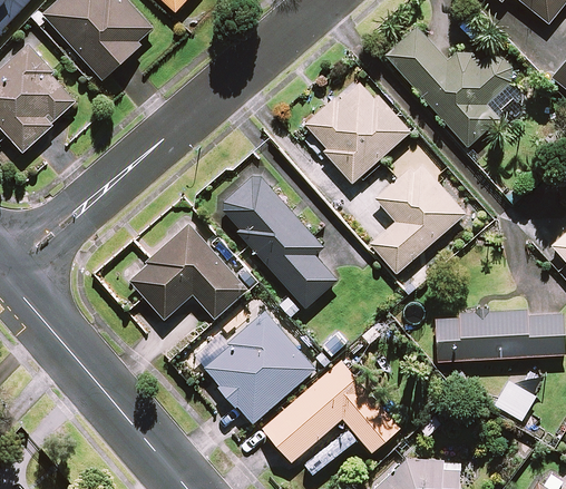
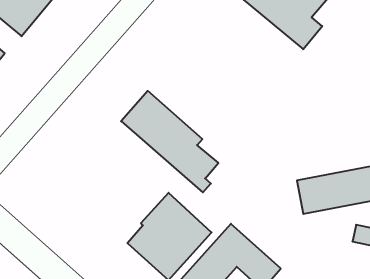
building: [306,78,409,183] -> none
building: [371,162,463,273] -> none
building: [128,225,247,320] -> none

